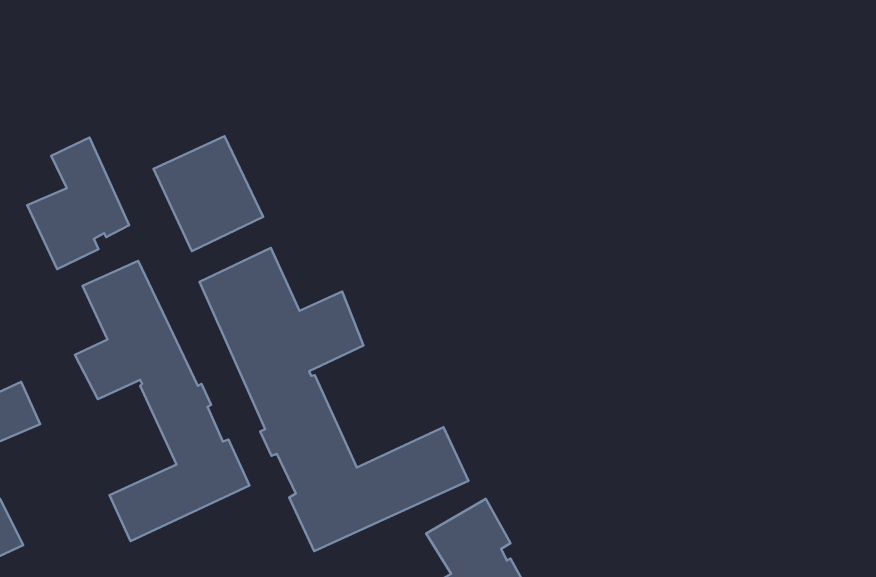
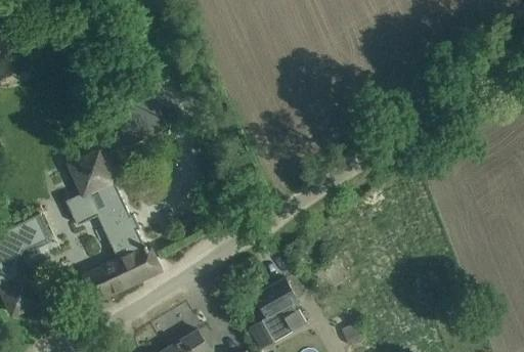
building: [27,138,129,269] -> none
building: [200,248,468,551] -> none

